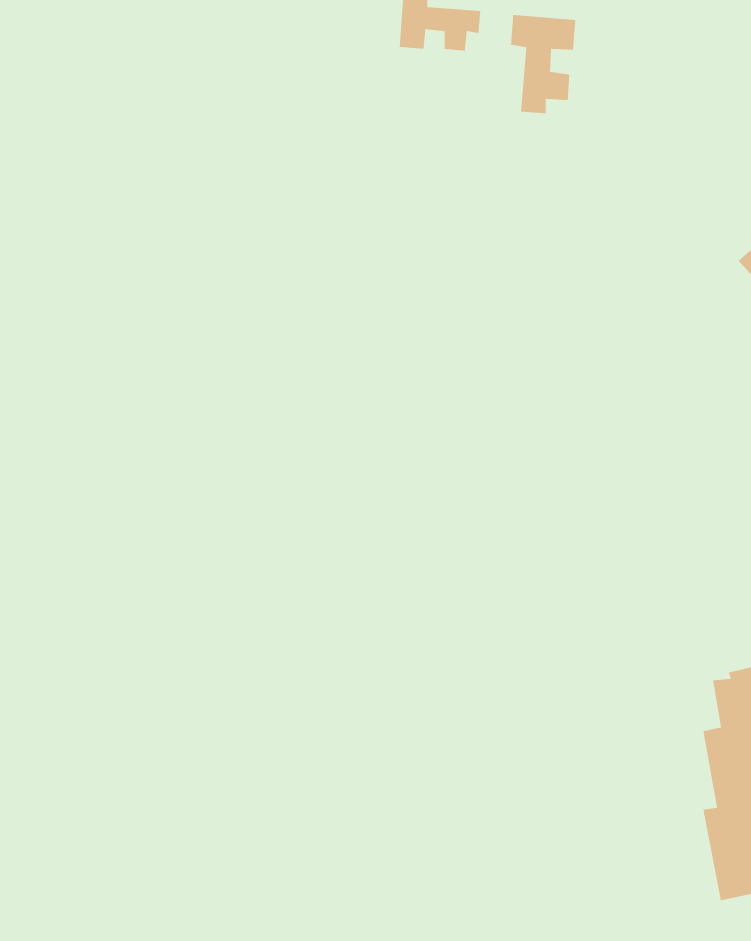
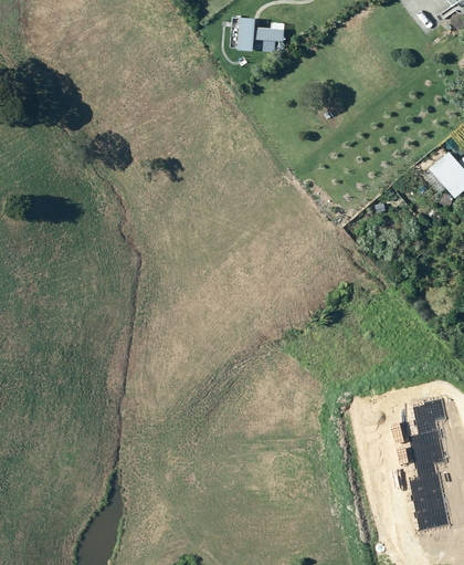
building: [510,14,576,114] -> none

